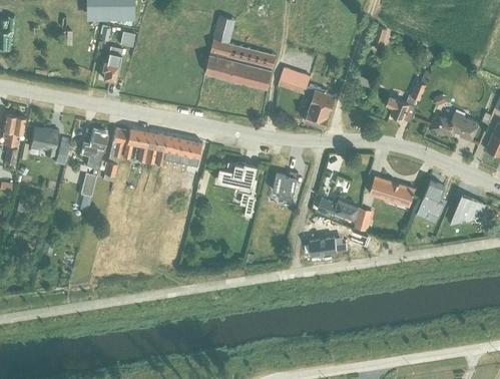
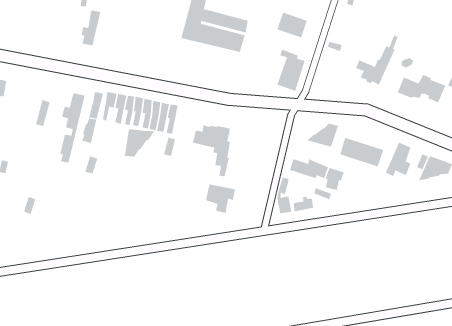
building: [278,68,310,95] -> [277,12,308,38]
building: [29,128,58,156] -> none
building: none -> [306,123,339,147]
building: none -> [124,129,155,158]
building: [272,172,298,203] -> none
building: none -> [206,184,236,214]

